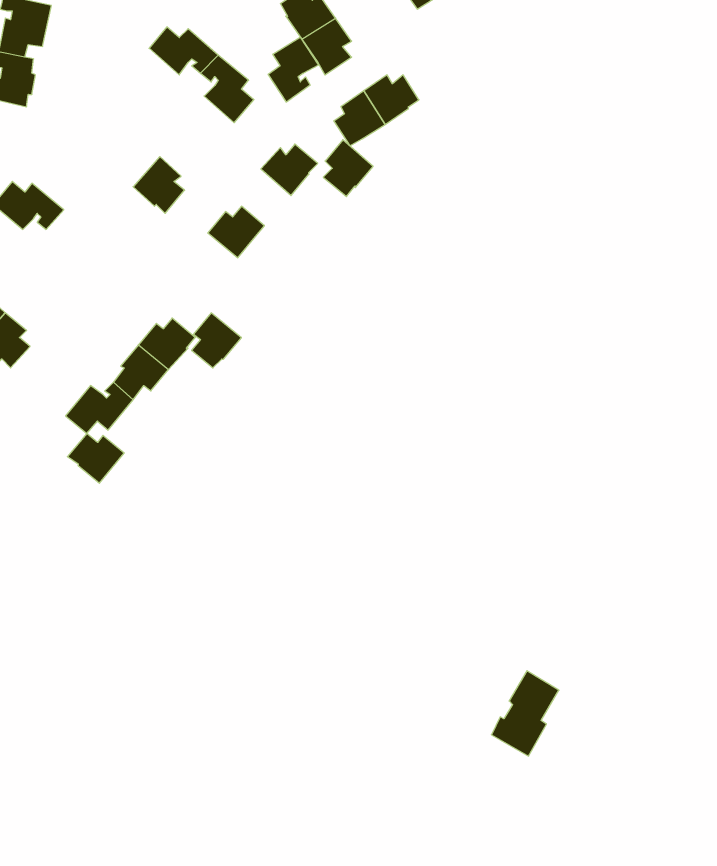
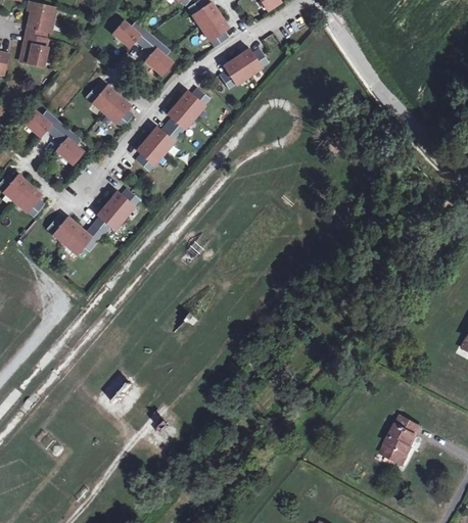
building: [268,37,318,102] -> none
building: none -> [86,84,119,112]
building: [323,140,373,197] -> [166,102,194,135]
building: none -> [53,126,84,164]
building: [192,313,241,368] -> [135,139,163,171]
building: [67,434,124,483] -> [46,216,79,244]
building: [491,671,559,756] -> [381,416,420,465]

